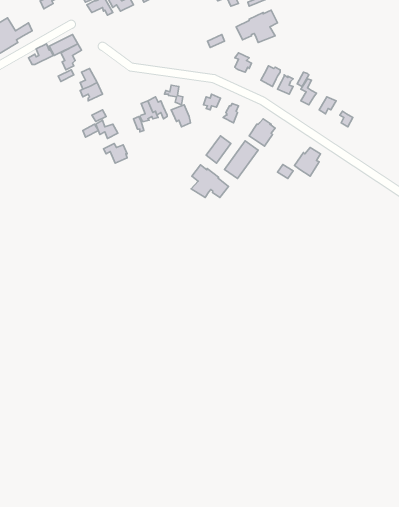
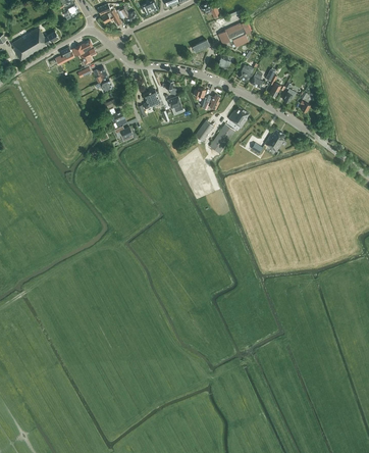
building: [191,165,229,198] -> none

